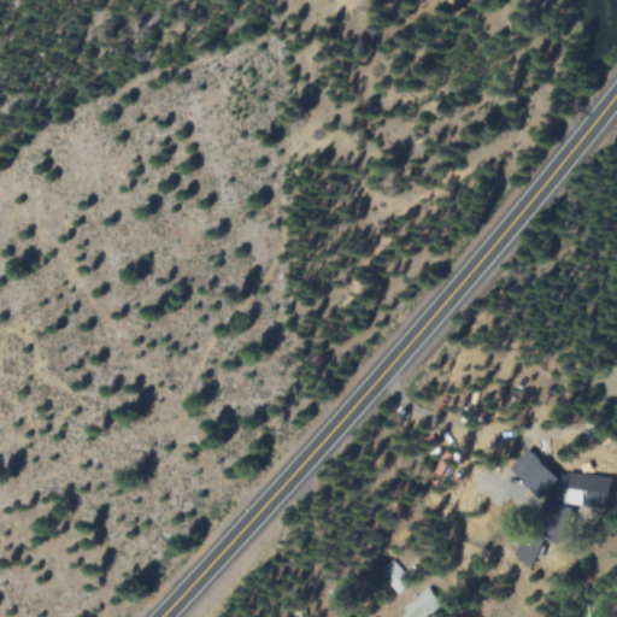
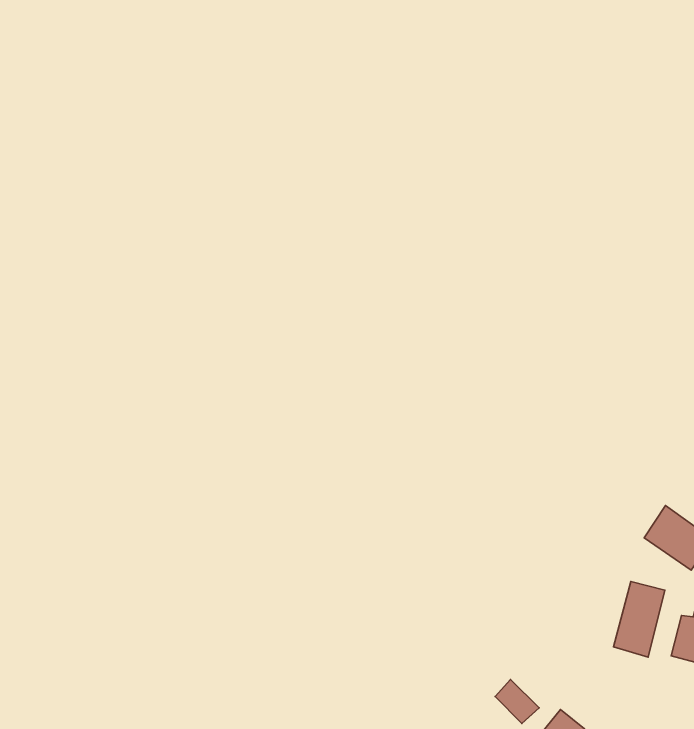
building: none -> [613,581,665,657]

